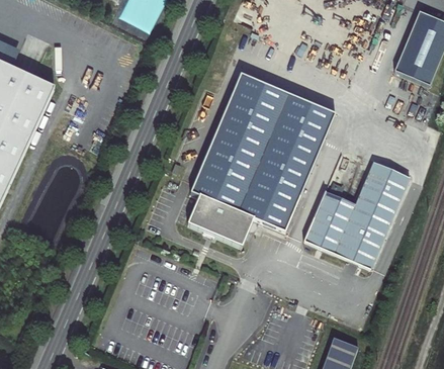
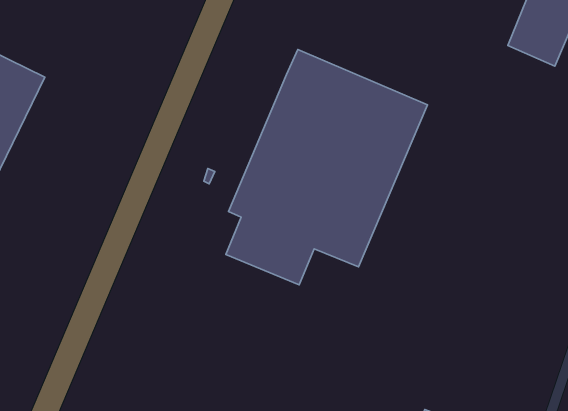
building: [304,160,410,267] -> none

